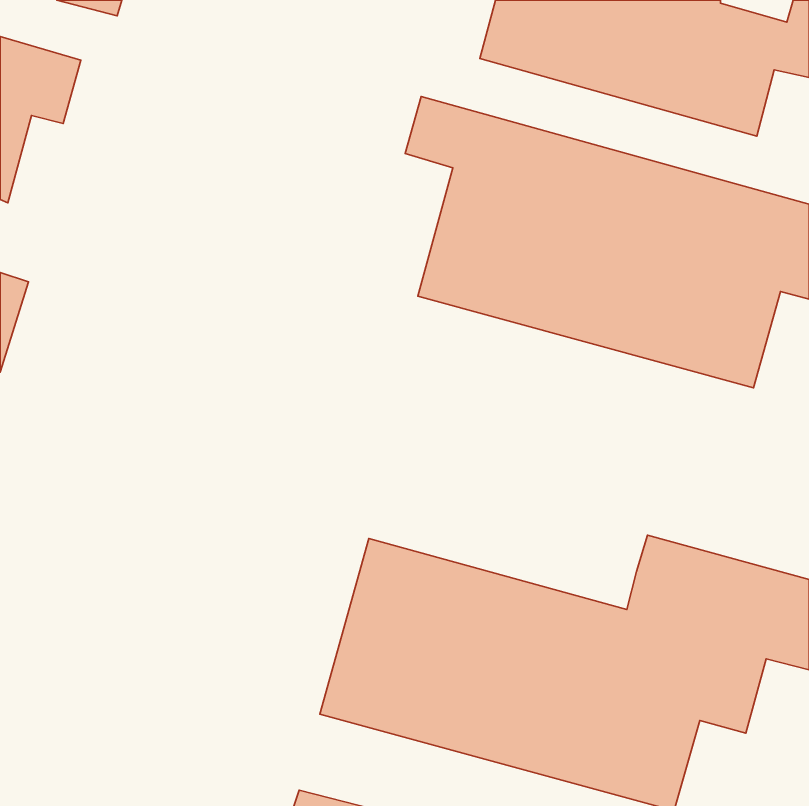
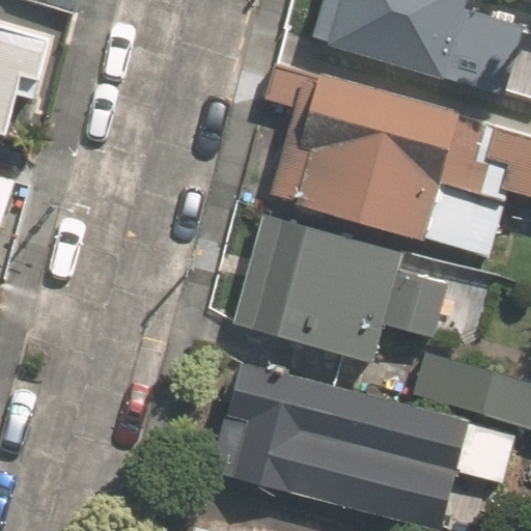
building: none -> [231,214,443,366]

